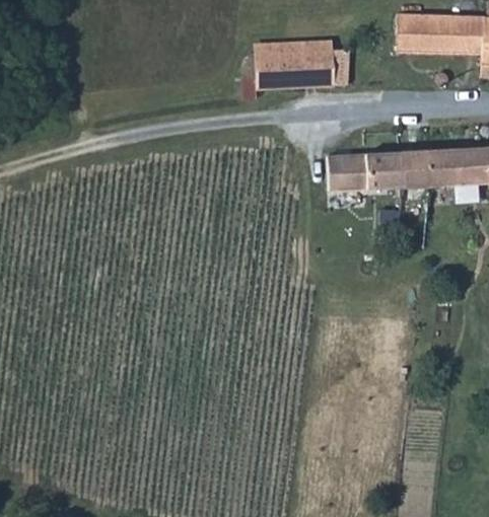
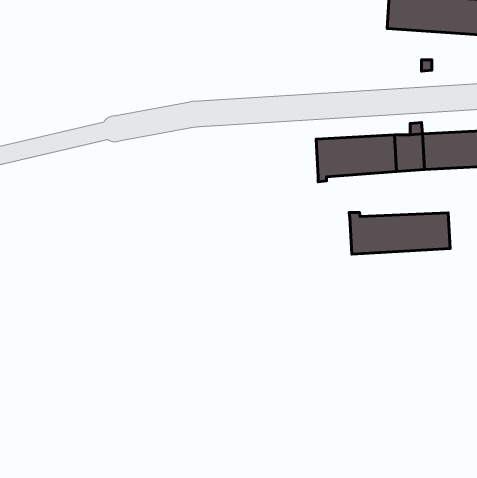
building: [242,49,351,96] -> none
building: none -> [349,213,450,254]

